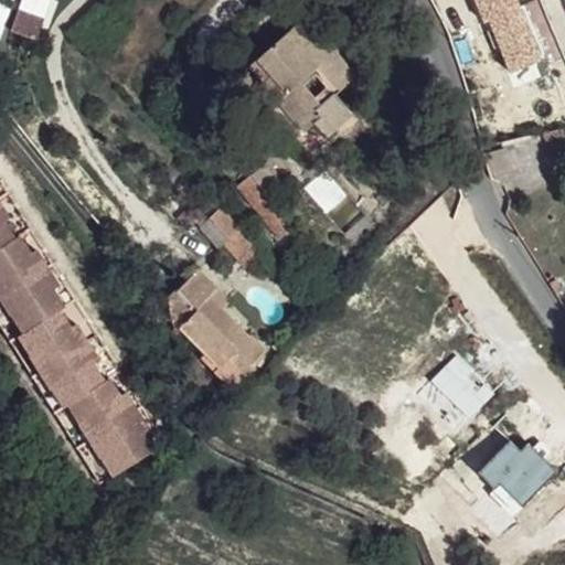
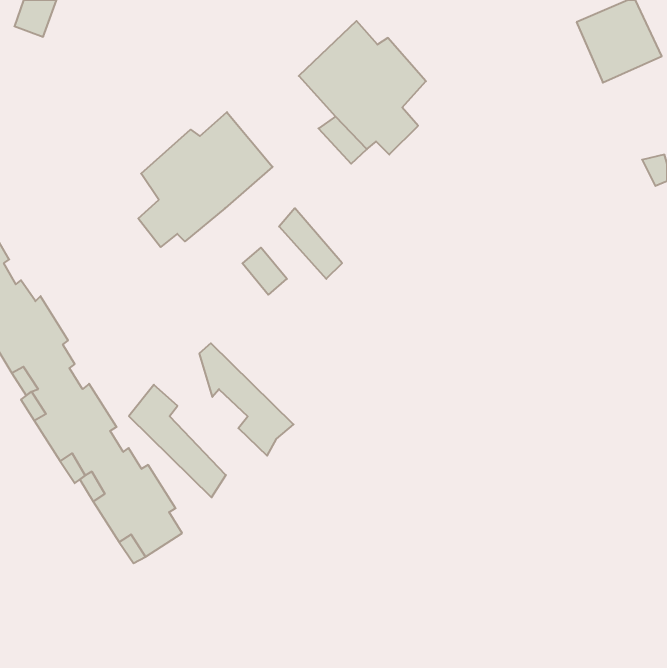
building: none -> [138,112,273,247]
building: [178,264,259,359] -> [129,385,226,497]
building: [429,356,497,424] -> none
building: [473,439,556,509] -> none

